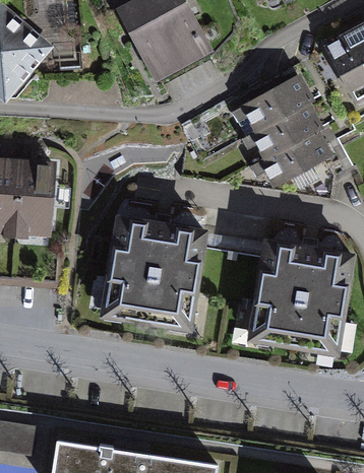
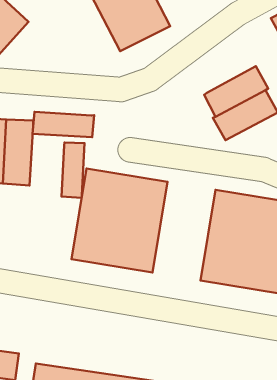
building: [240,72,313,129] -> none
building: none -> [33,112,94,137]
building: none -> [61,143,85,198]

